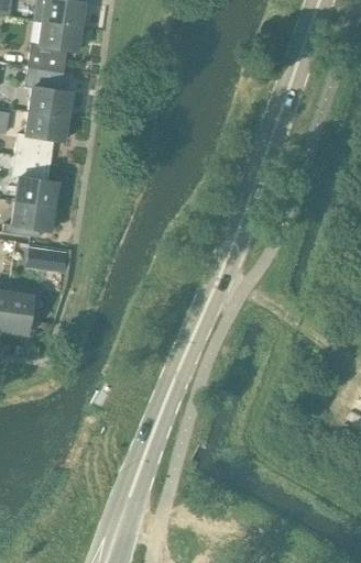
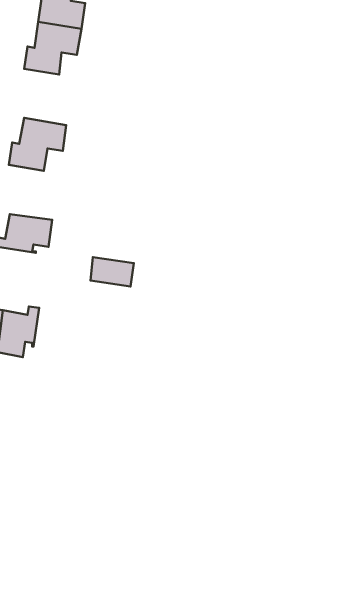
building: [25,65,73,118] -> none
building: [11,155,58,207] -> none
building: [26,246,67,274] -> [91,257,134,287]

